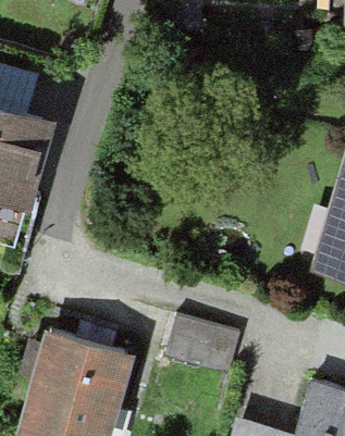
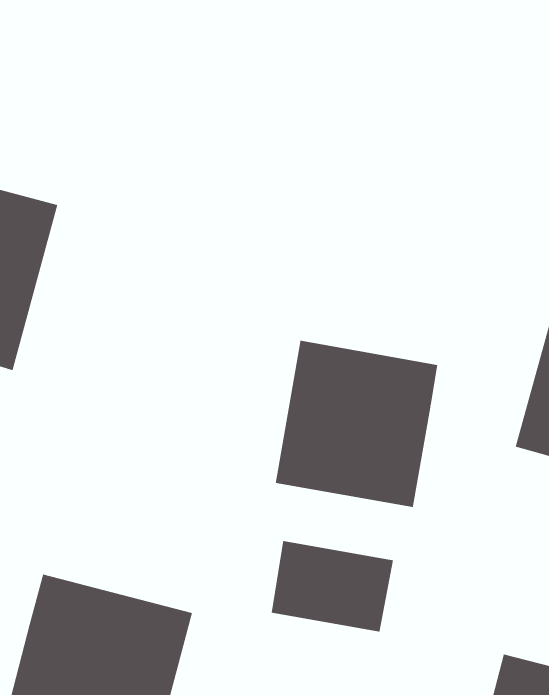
building: none -> [275,340,438,508]

